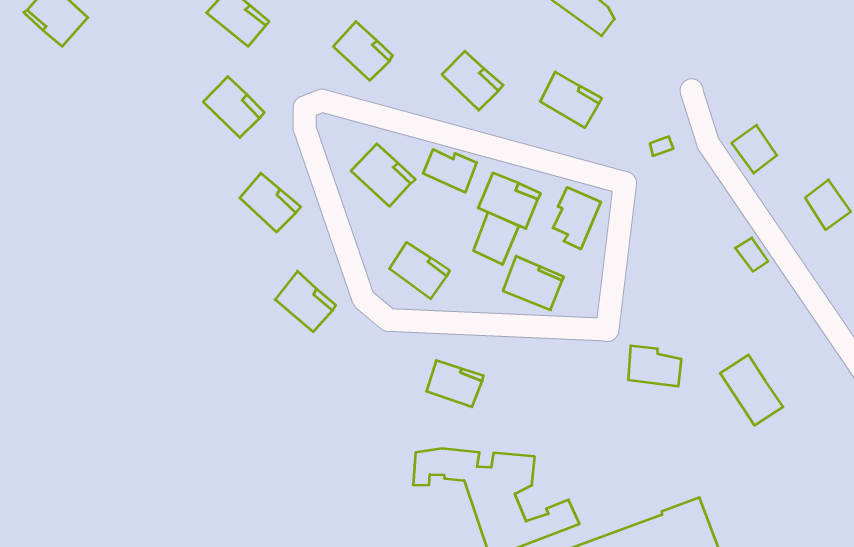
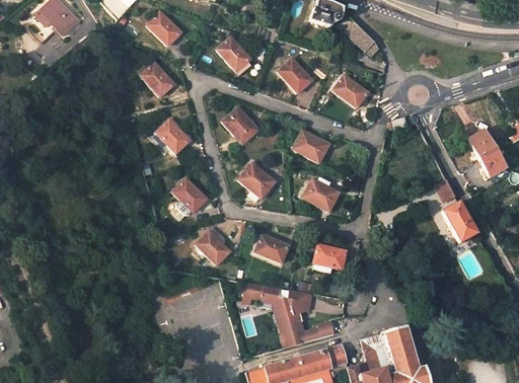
building: [732,125,777,173] -> [469,132,495,159]
building: [423,149,477,192] -> none
building: [553,187,601,249] -> none
building: [474,212,519,265] -> none
building: [628,346,681,386] -> [313,244,345,270]
building: [720,355,783,425] -> [443,202,477,242]
building: none -> [195,231,229,265]

